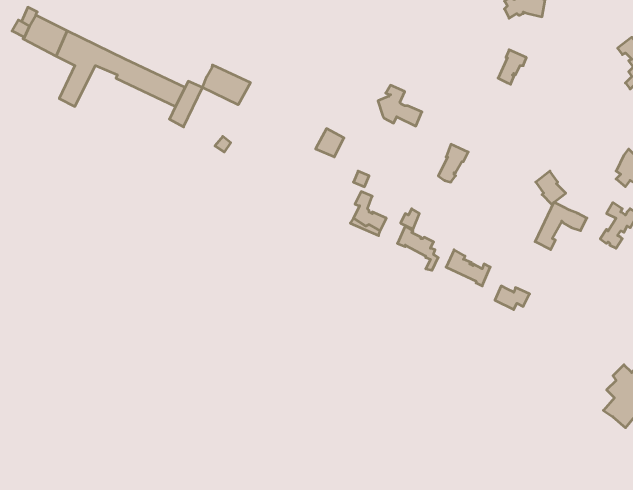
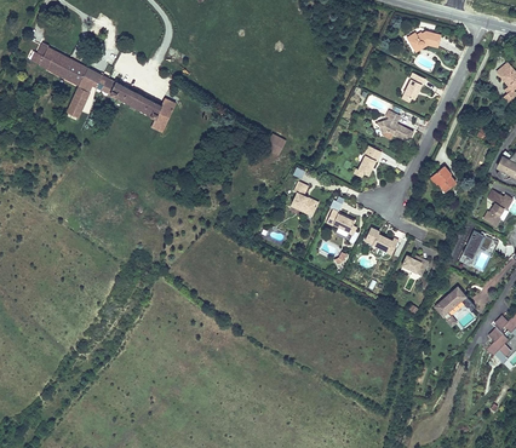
building: [202,65,250,105] -> none
building: [378,85,422,126] -> [378,110,412,142]
building: [535,202,587,250] -> [458,230,498,266]
building: none -> [434,287,474,321]

